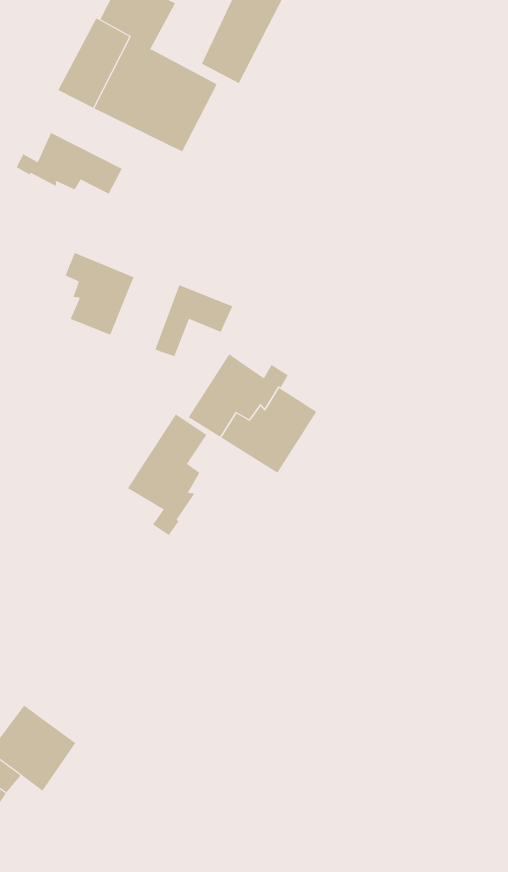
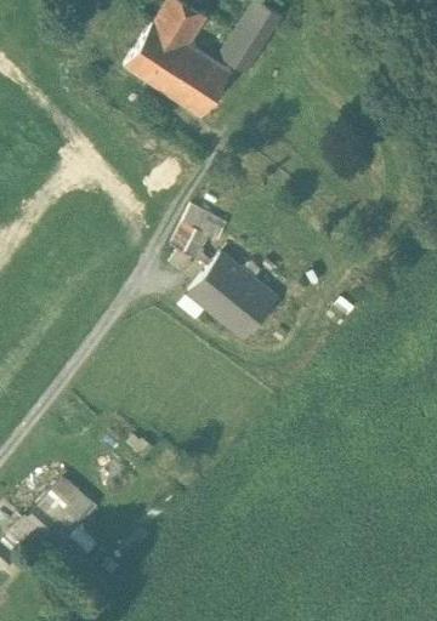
building: [16,132,123,194] -> none
building: [65,252,134,336] -> none
building: [127,413,207,536] -> none

